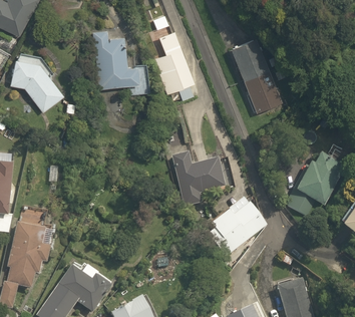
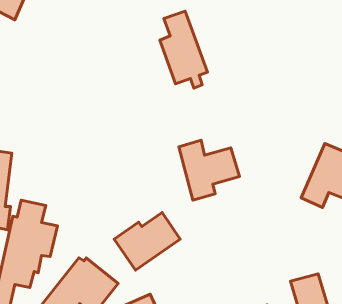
building: [94,29,148,97] -> none
building: [229,35,284,111] -> none
building: [8,58,64,111] -> none
building: [206,200,268,254] -> [114,213,180,270]

